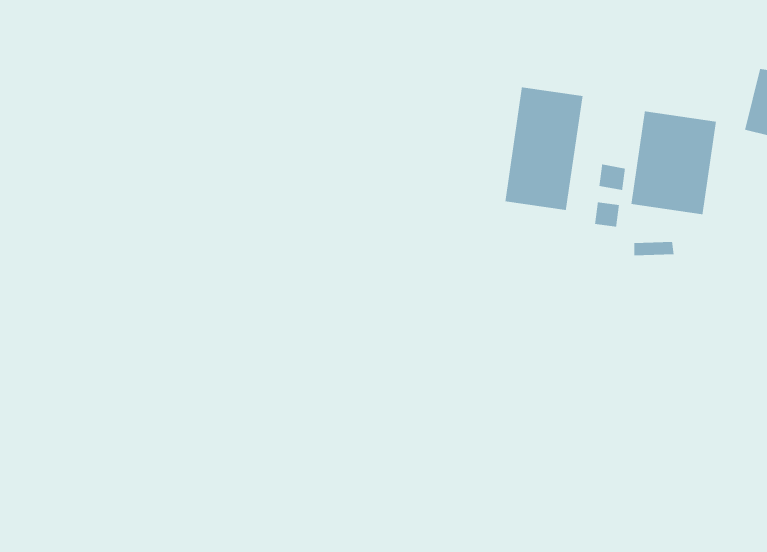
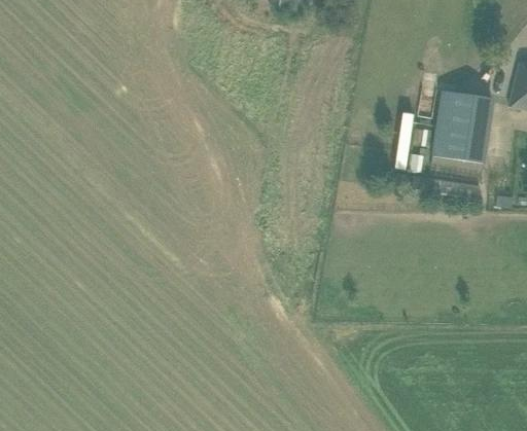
building: [505,87,583,211] -> none

